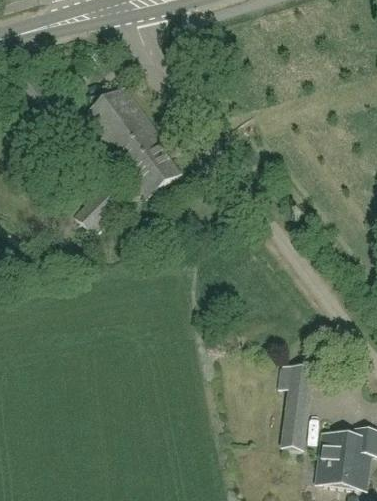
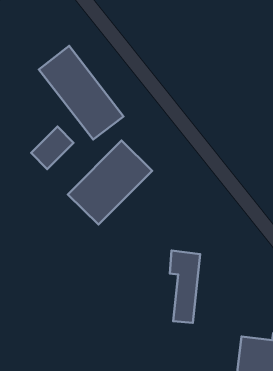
building: none -> [68,140,152,224]
building: [279,363,315,448] -> [170,251,200,323]

